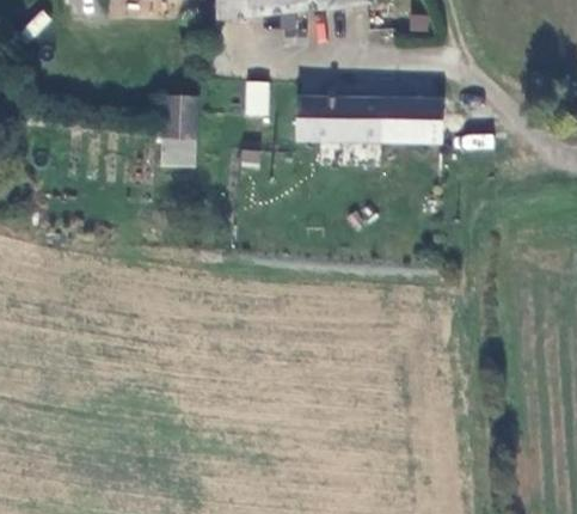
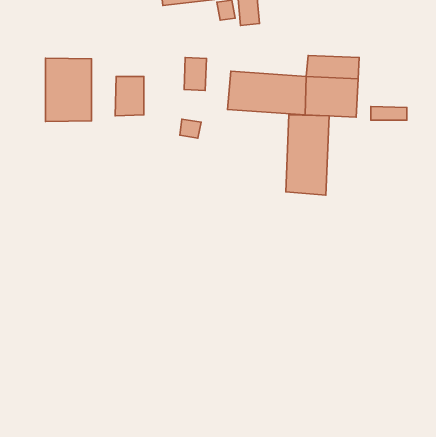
building: none -> [45,58,91,122]
building: none -> [286,115,329,195]

